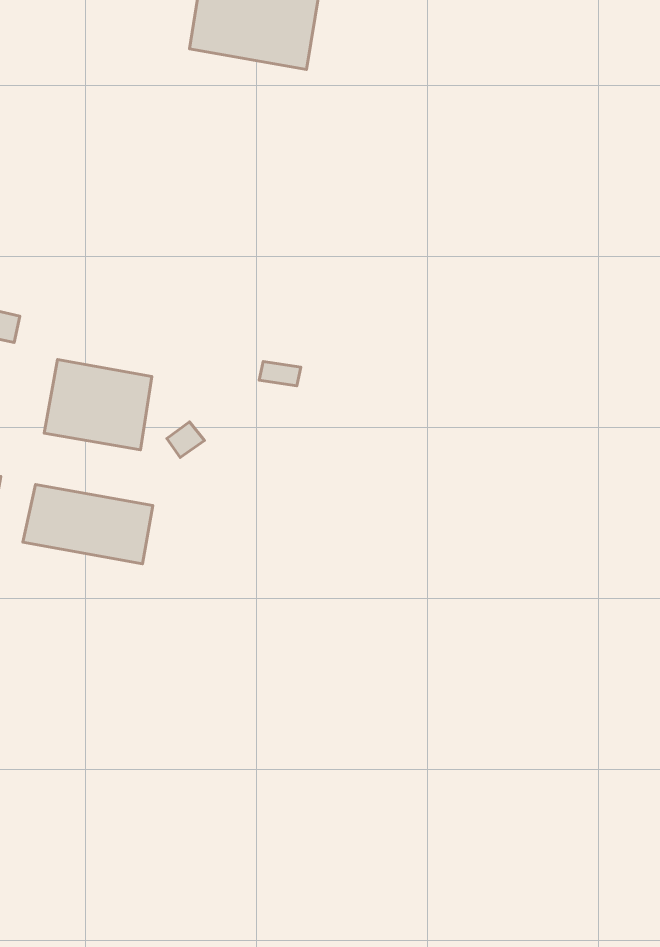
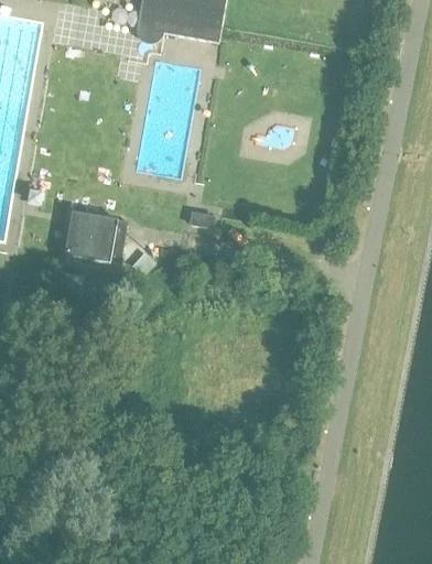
building: [23,485,153,564] -> none

